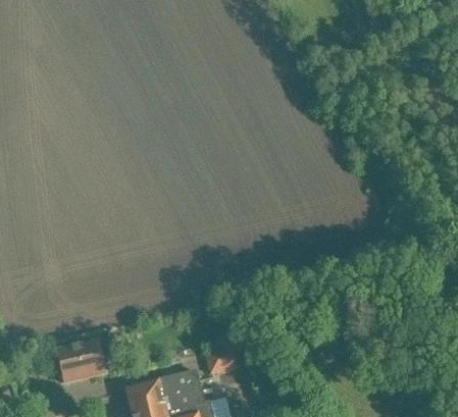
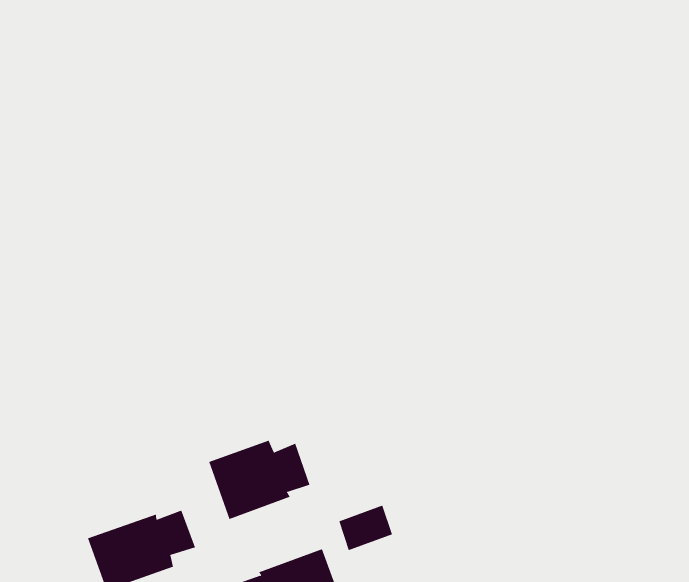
building: none -> [208,440,310,520]

